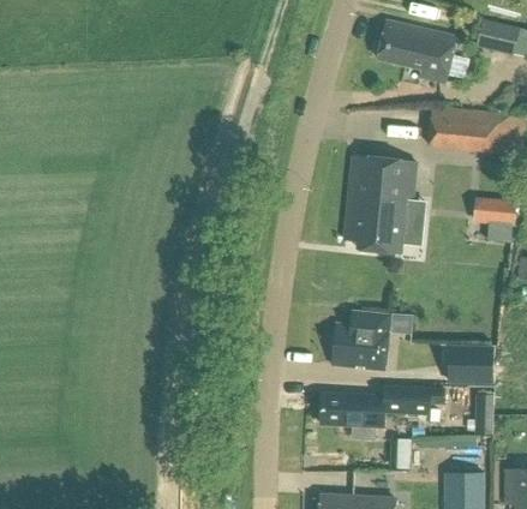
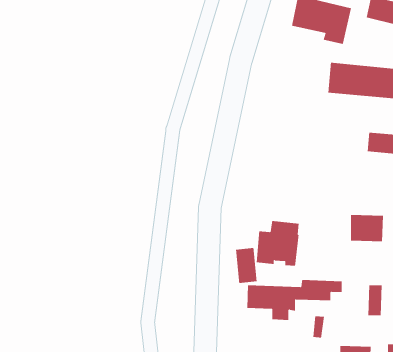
building: [346,156,423,253] -> none
building: none -> [235,247,257,284]
building: [451,347,495,382] -> [350,215,384,242]

